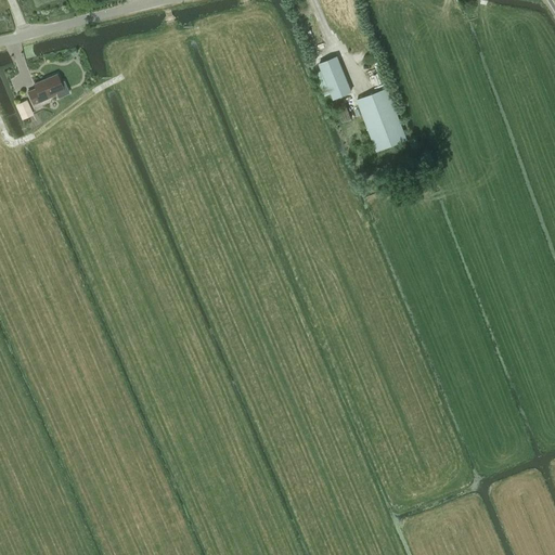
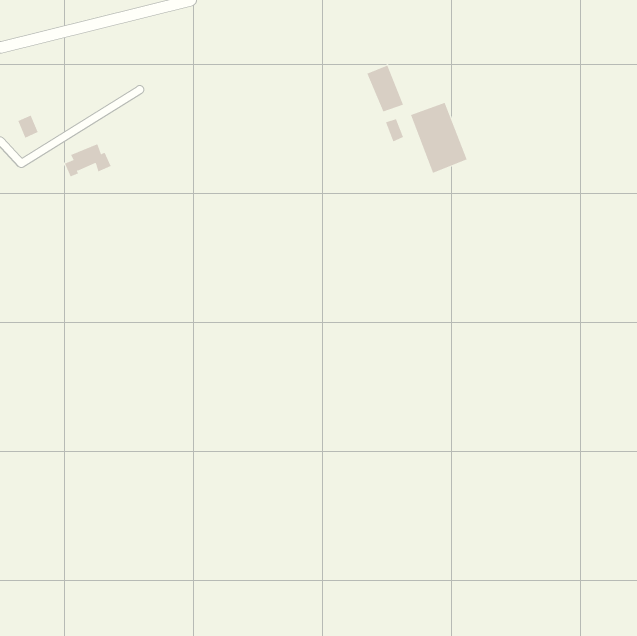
building: [28,76,69,105] -> [64,144,111,177]

